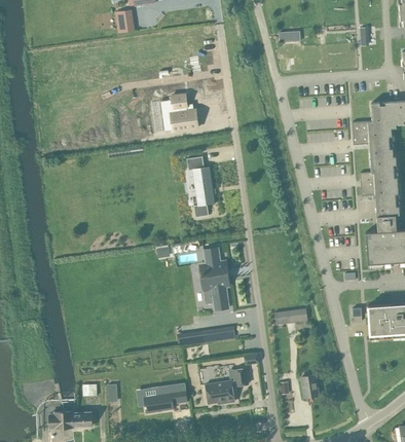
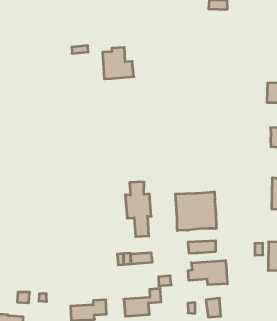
building: [187,156,215,217] -> none
building: none -> [175,192,216,231]
building: none -> [188,260,227,285]

